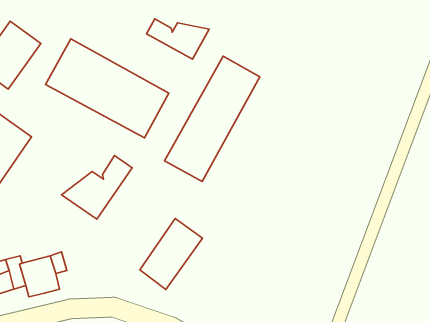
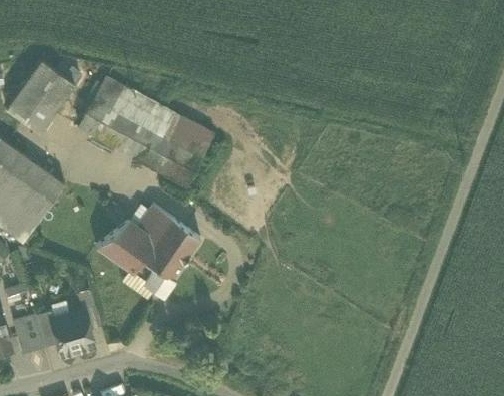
building: [147,19,209,59] -> none
building: [165,56,260,182] -> none
building: [140,219,202,290] -> [134,216,201,292]

